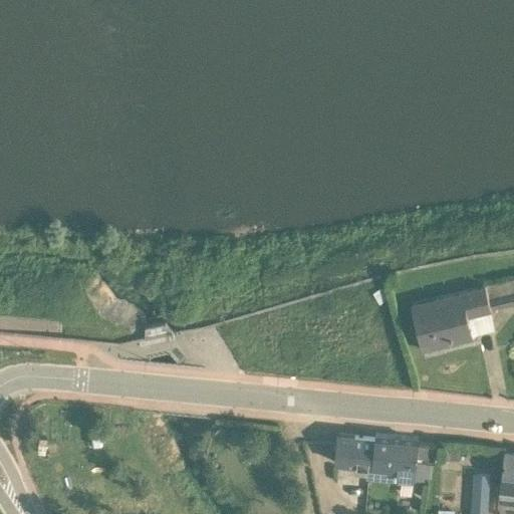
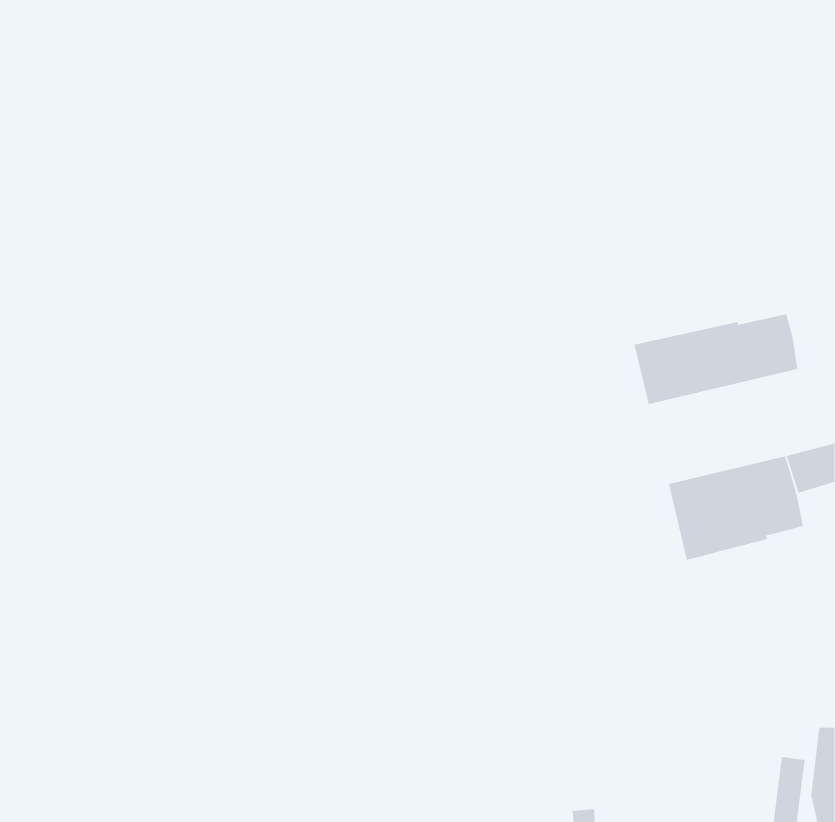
building: none -> [634,313,798,405]
building: [335,436,441,482] -> none

